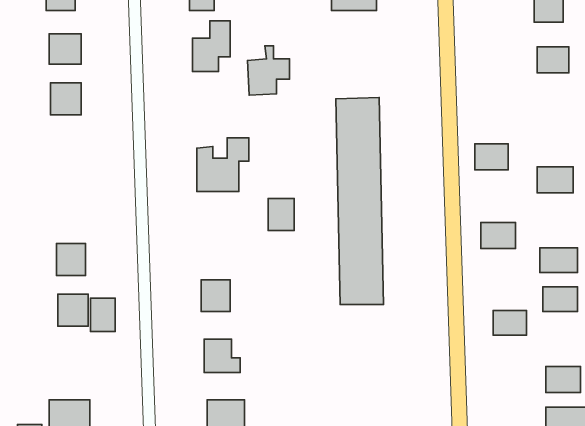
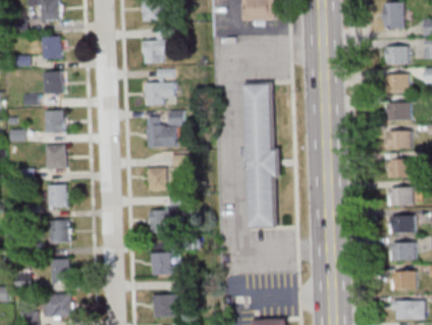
building: [248,46,290,95] -> [145,71,174,106]
building: none -> [390,73,411,92]
building: none -> [45,110,65,132]
building: [475,144,508,170] -> [387,102,411,120]
building: none -> [46,144,66,169]
building: [268,199,294,230] -> [149,167,167,189]
building: [481,223,515,249] -> [388,159,413,177]
building: [91,298,115,332] -> [51,259,68,282]
building: [493,311,527,335] -> [391,242,415,260]

